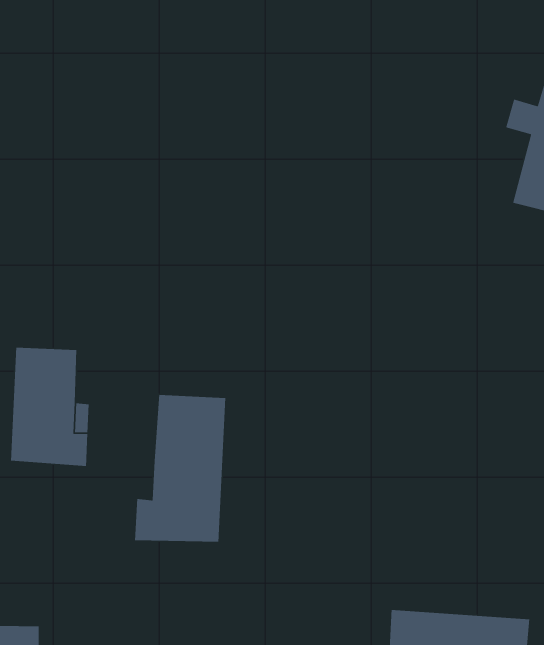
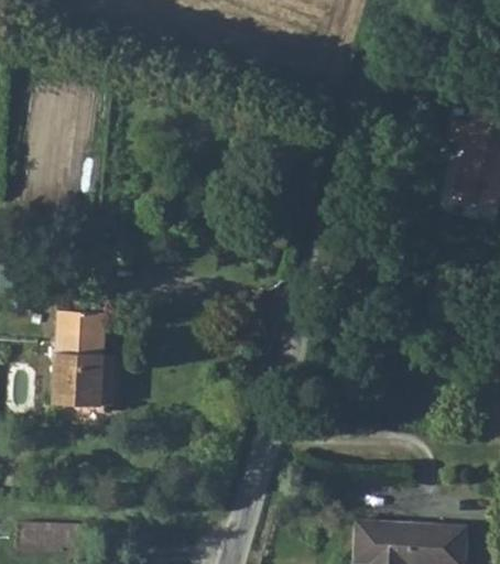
building: [134,394,226,543] -> none

